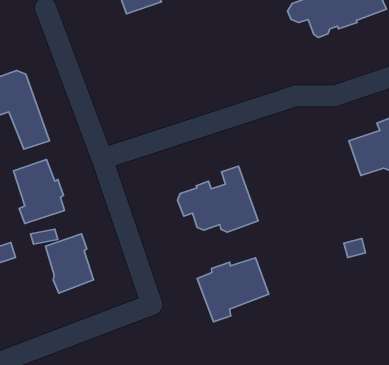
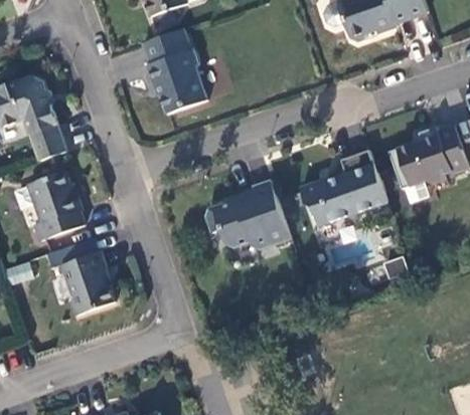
building: none -> [141,28,205,114]
building: none -> [299,150,386,226]
building: [197,258,269,322] -> none

